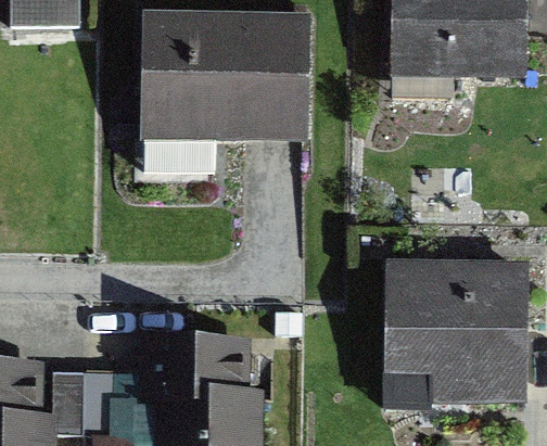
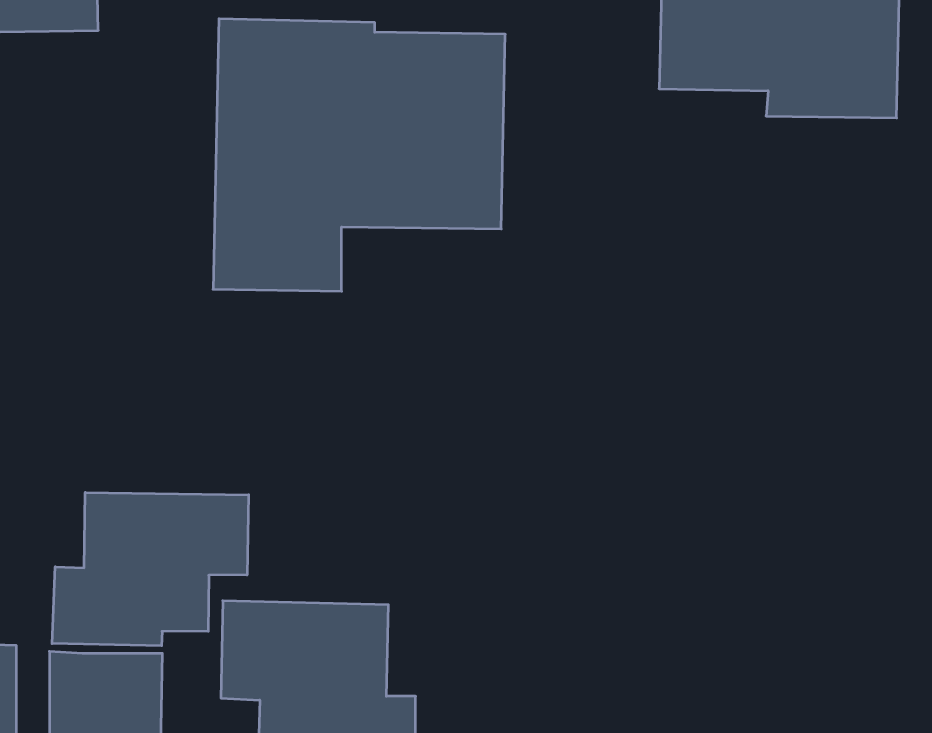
building: [390,269,525,397] -> none
building: none -> [52,492,249,646]

